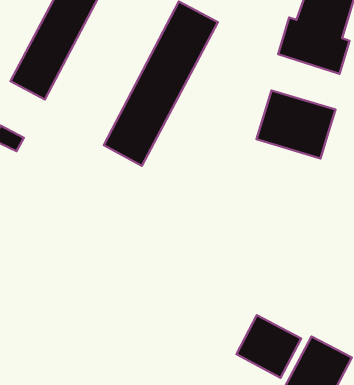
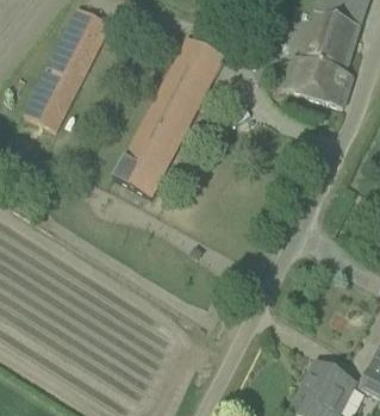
building: [257,90,336,158] -> none
building: [236,315,301,378] -> none

